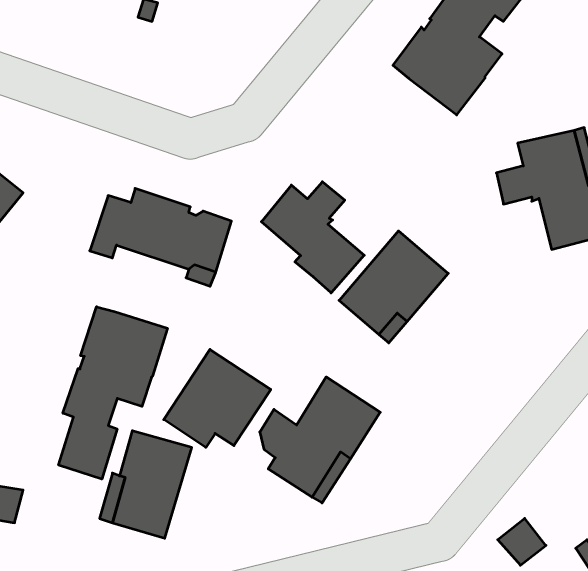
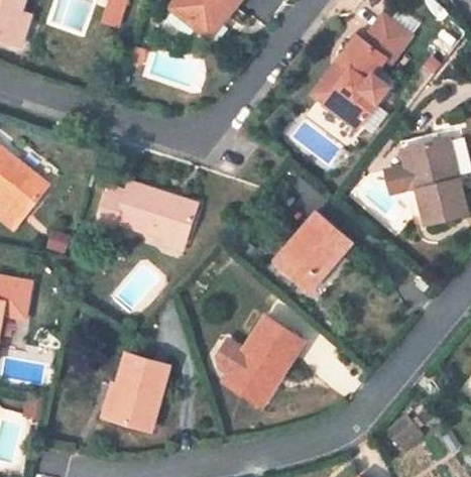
building: [261,182,364,293] -> none
building: [59,307,167,479] -> none
building: [164,349,271,447] -> none

